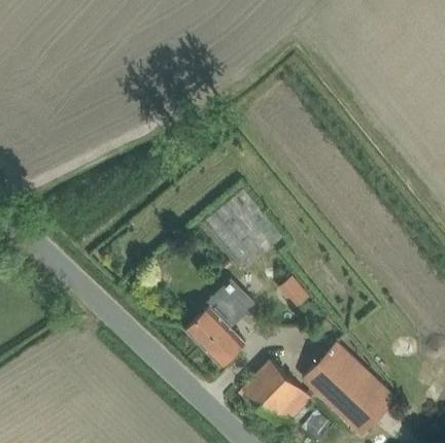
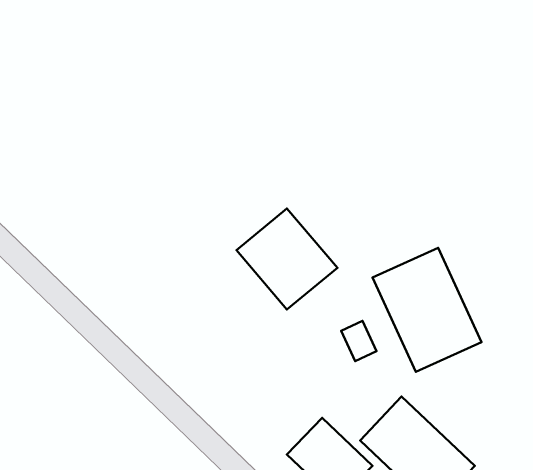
building: none -> [373,248,481,372]
building: [185,277,255,366] -> none

